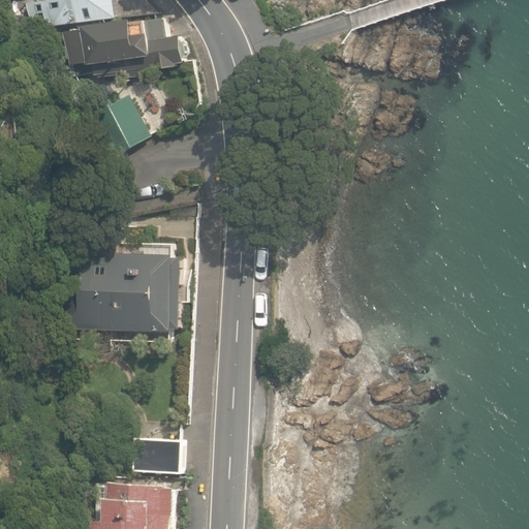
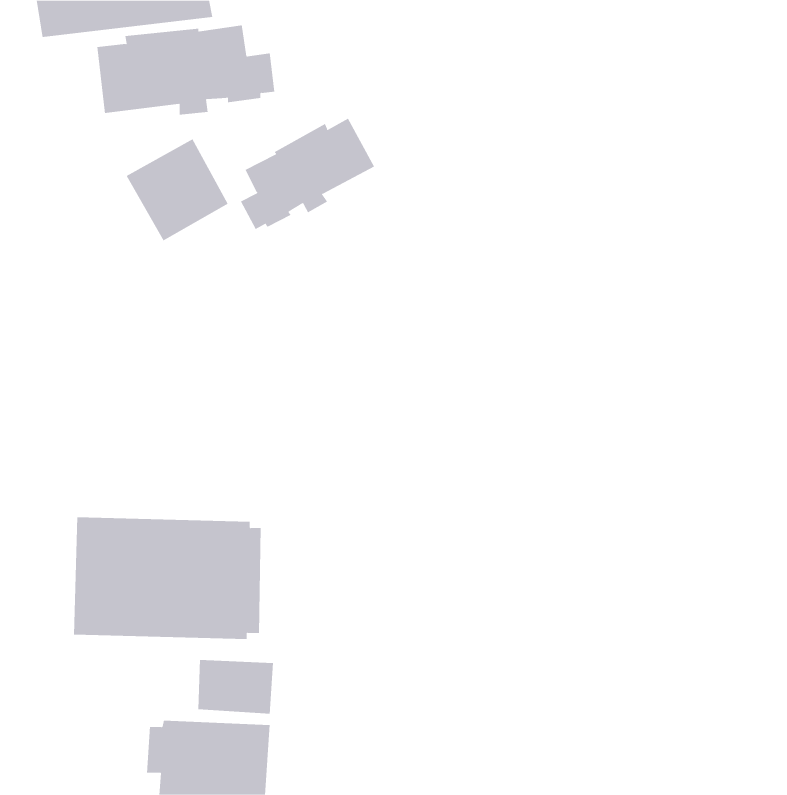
building: none -> [240,118,375,230]
building: [57,251,182,333] -> [73,517,261,640]

